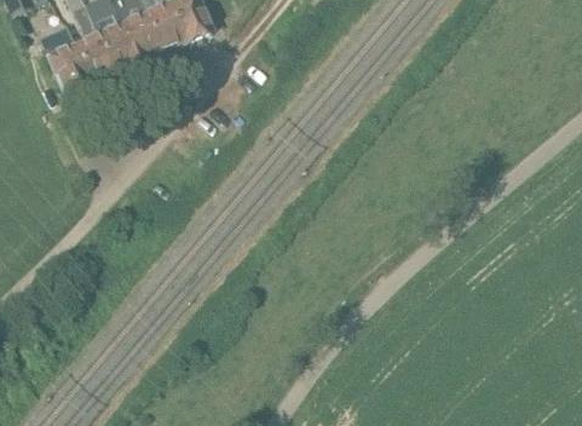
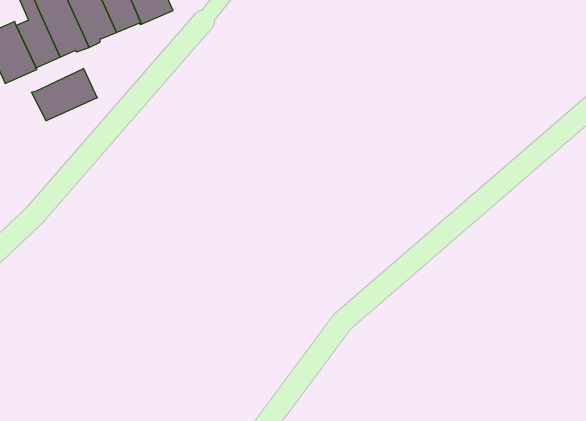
building: none -> [31,68,97,121]

